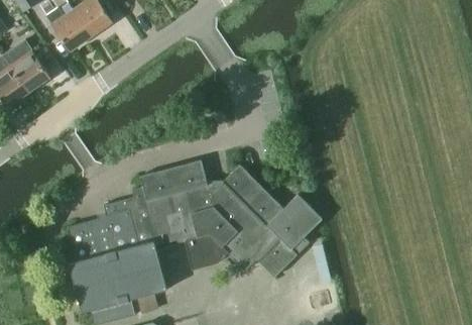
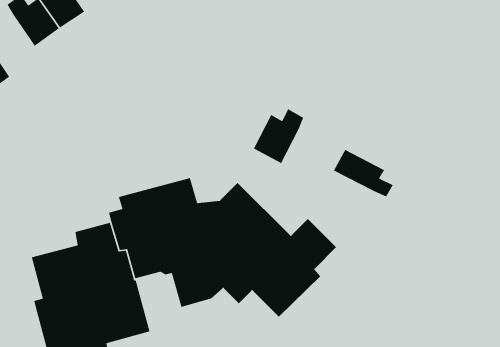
building: none -> [253,108,304,164]
building: none -> [333,149,394,197]

